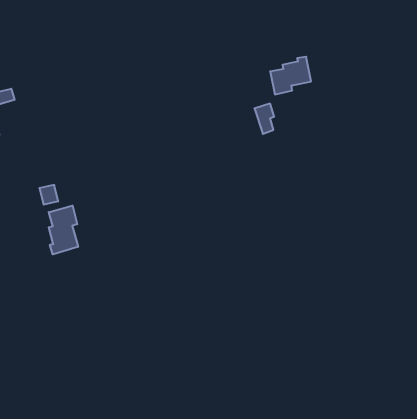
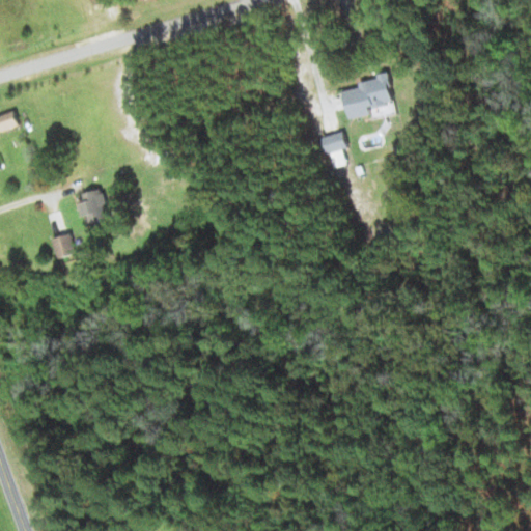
building: none -> [76,189,108,224]
building: [49,206,78,254] -> none

